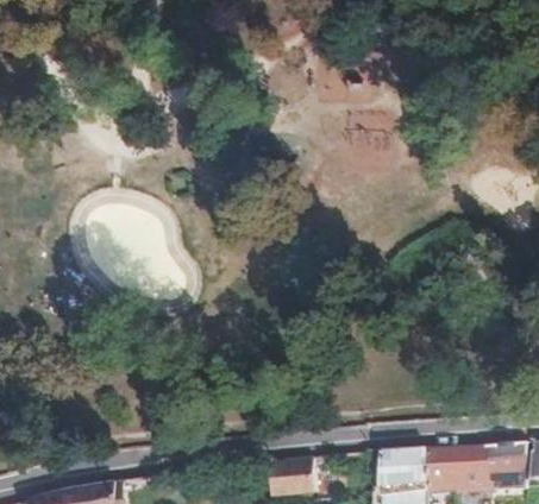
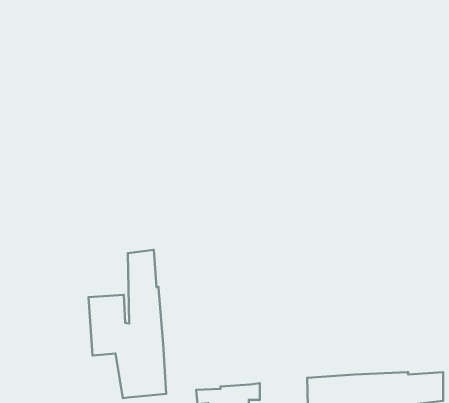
building: none -> [88,250,166,398]

